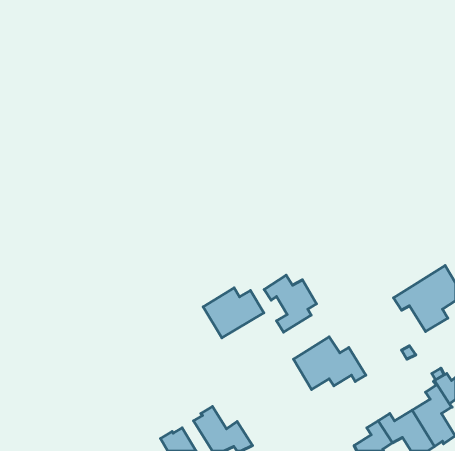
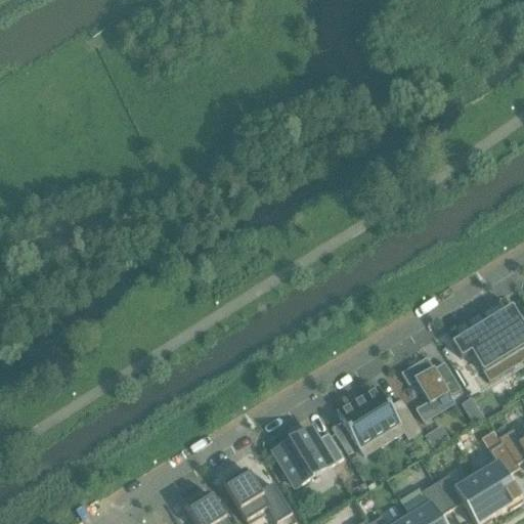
building: [264,275,317,332] -> [401,356,462,422]
building: [203,288,264,338] -> [274,429,344,486]

